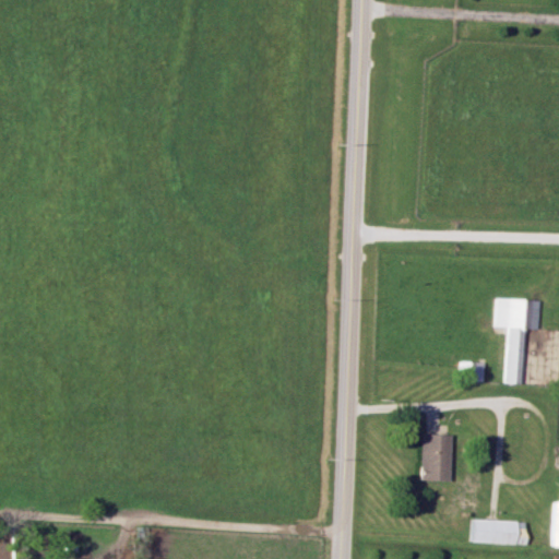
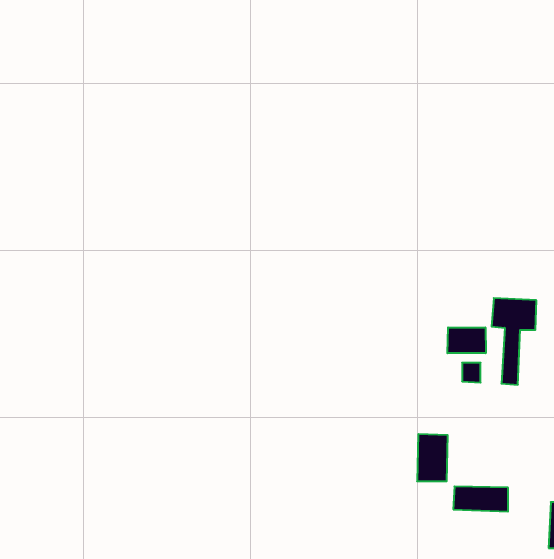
building: none -> [447,327,486,353]
building: [473,520,527,545] -> [453,486,508,512]

